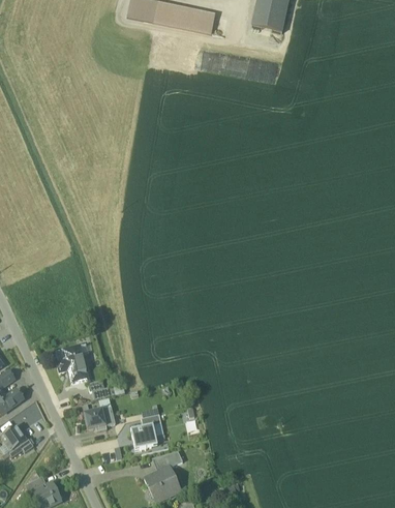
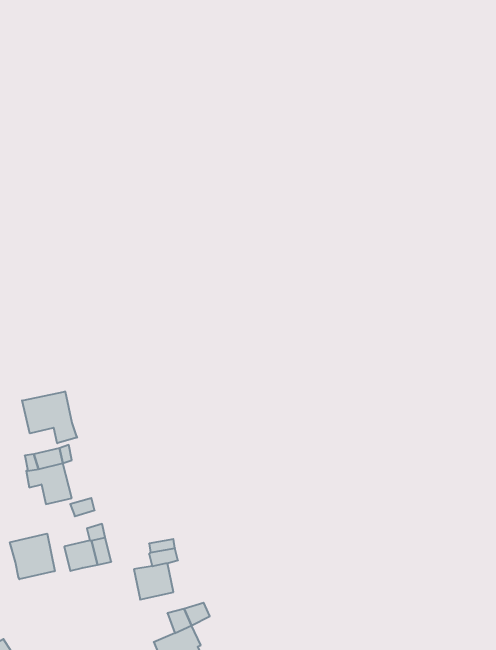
building: none -> [22,391,77,443]
building: none -> [10,534,55,579]

